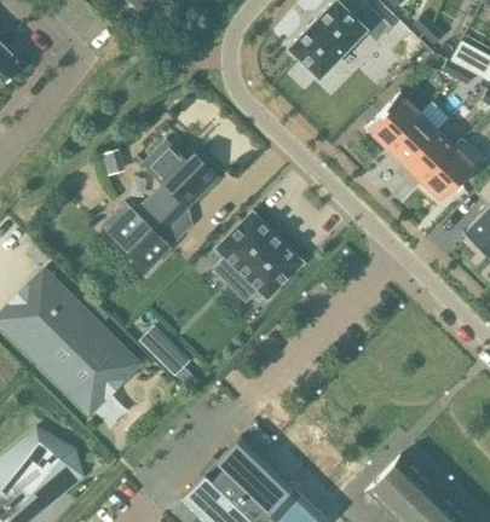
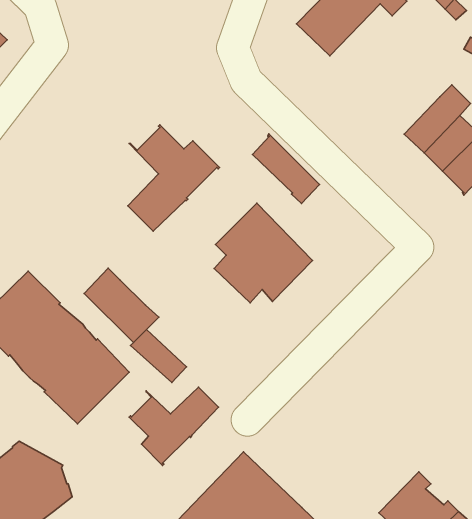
building: [365,93,420,149] -> none
building: none -> [252,134,319,204]
building: [103,203,171,271] -> [84,268,159,343]
building: none -> [129,387,219,465]

